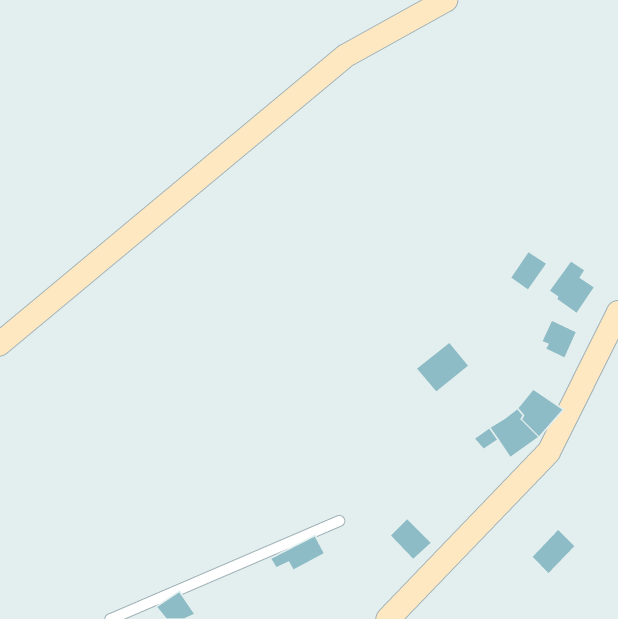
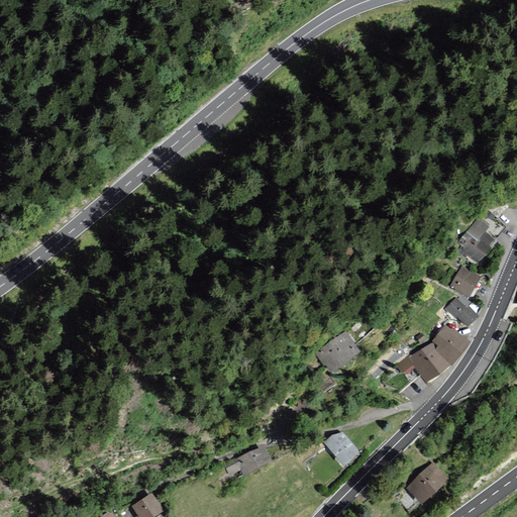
building: [510,251,547,291] -> none
building: [416,342,469,393] -> [315,331,359,374]
building: none -> [444,298,479,328]
building: [532,529,575,574] -> [409,463,445,501]

